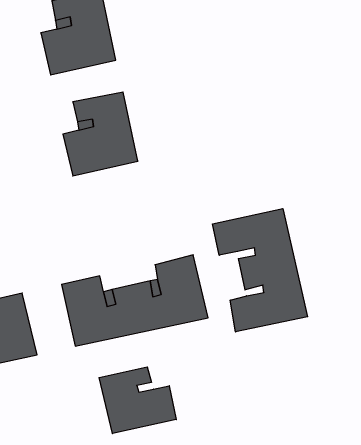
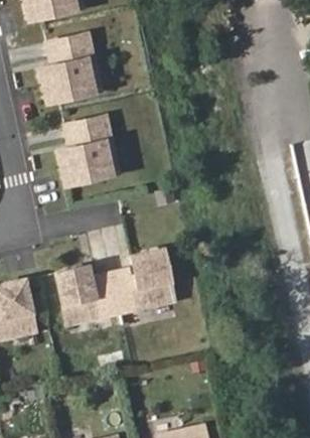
building: [213,209,308,332] -> none
building: [99,367,176,434] -> none

